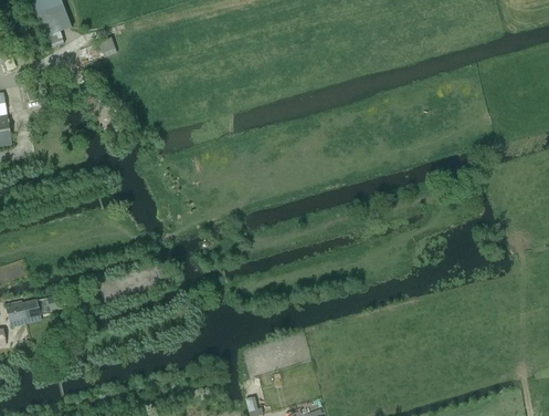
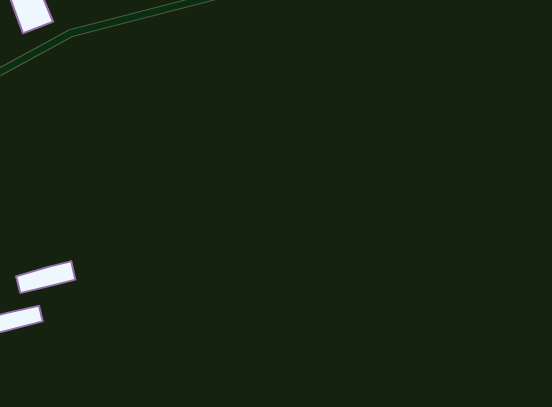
building: none -> [16,261,75,293]

